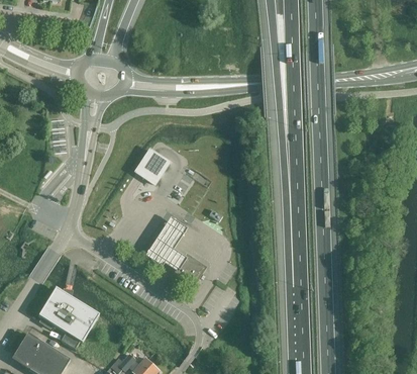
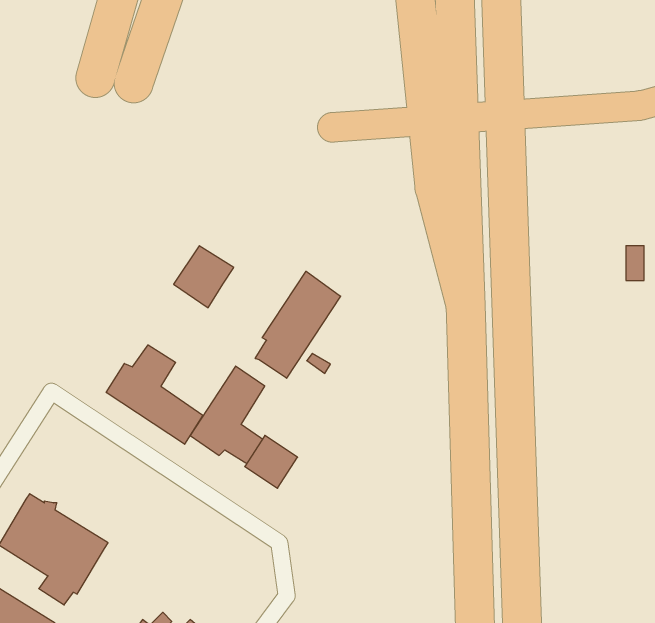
building: none -> [255,271,341,378]
building: none -> [106,345,203,444]

